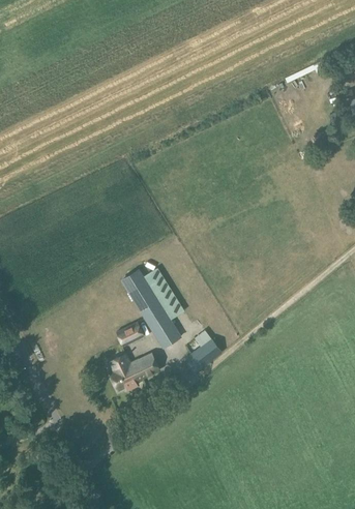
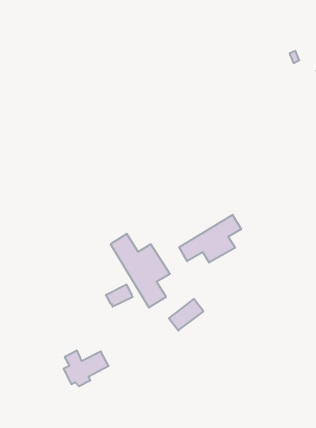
building: none -> [179,215,241,263]
building: [111,353,159,391] -> [64,351,109,386]

